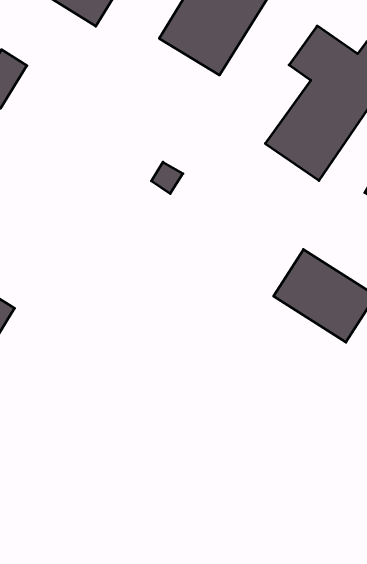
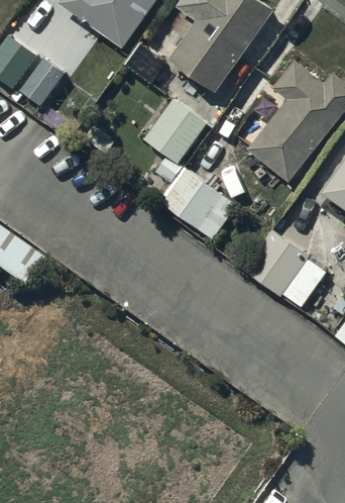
building: none -> [145,99,208,163]
building: none -> [162,170,236,239]

